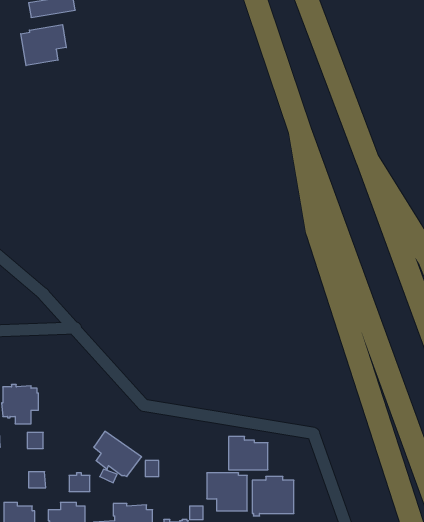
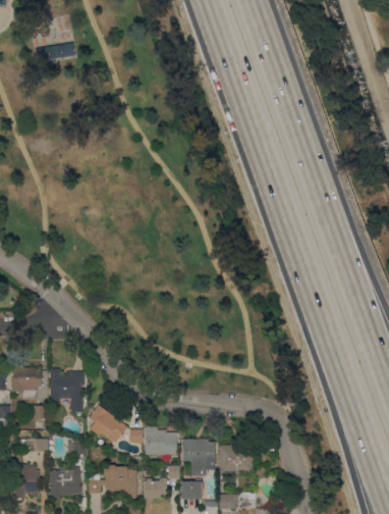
building: [21,25,66,66] -> none
building: none -> [49,368,85,411]
building: [229,437,268,470] -> [144,426,176,454]

